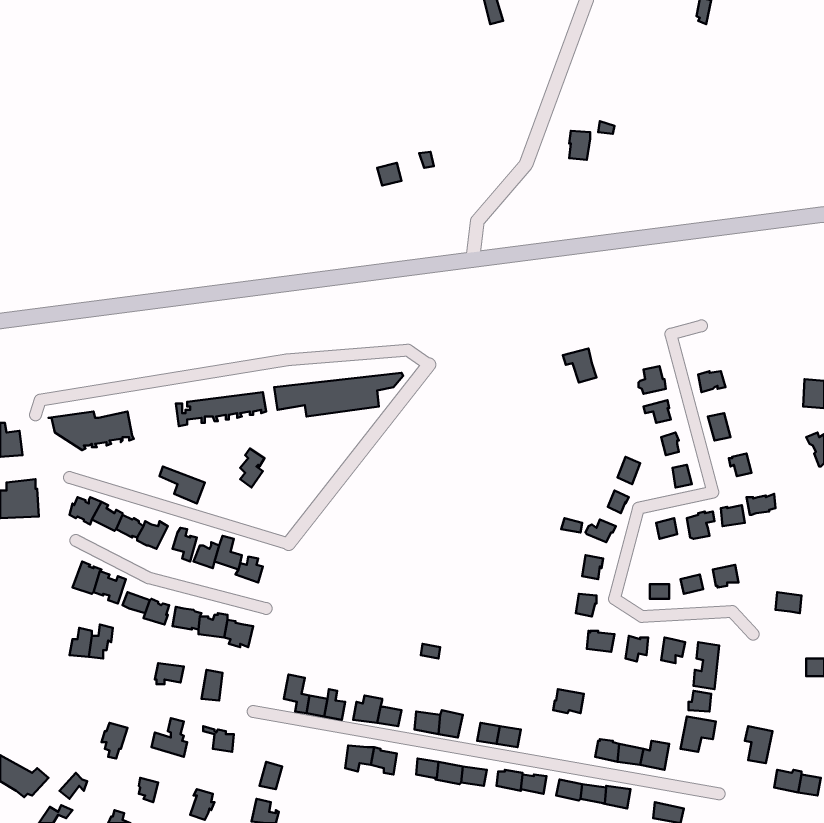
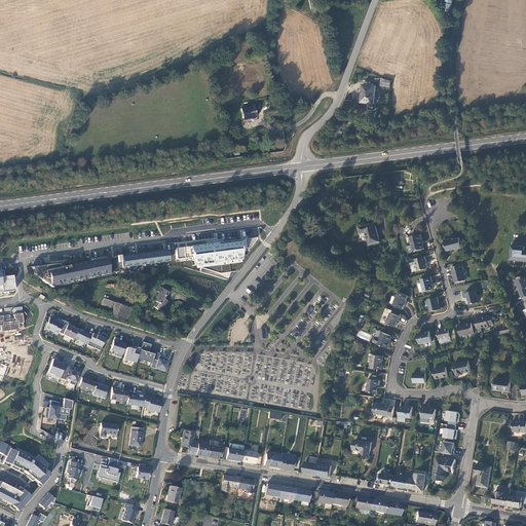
building: none -> [81,256,110,277]
building: none -> [4,447,50,483]

